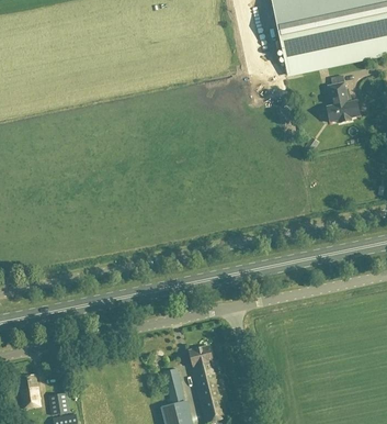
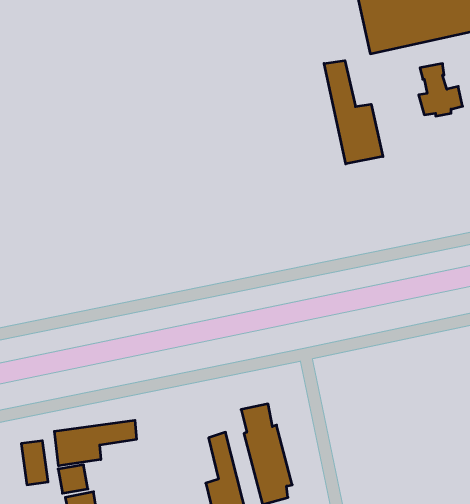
building: none -> [324,61,383,164]
building: none -> [54,420,136,466]

